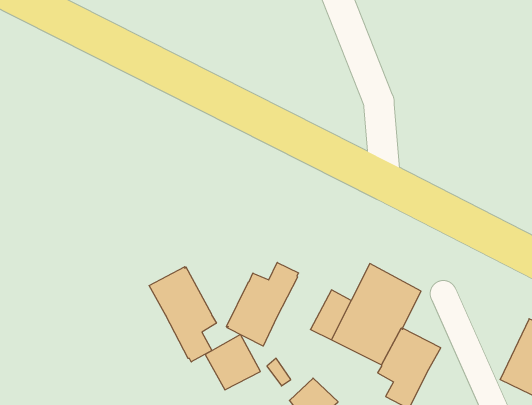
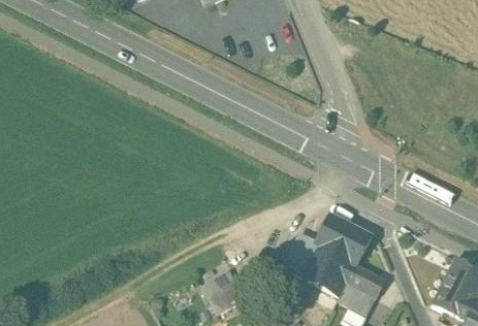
building: [226,262,299,346] -> none
building: [149,267,216,362] -> none

